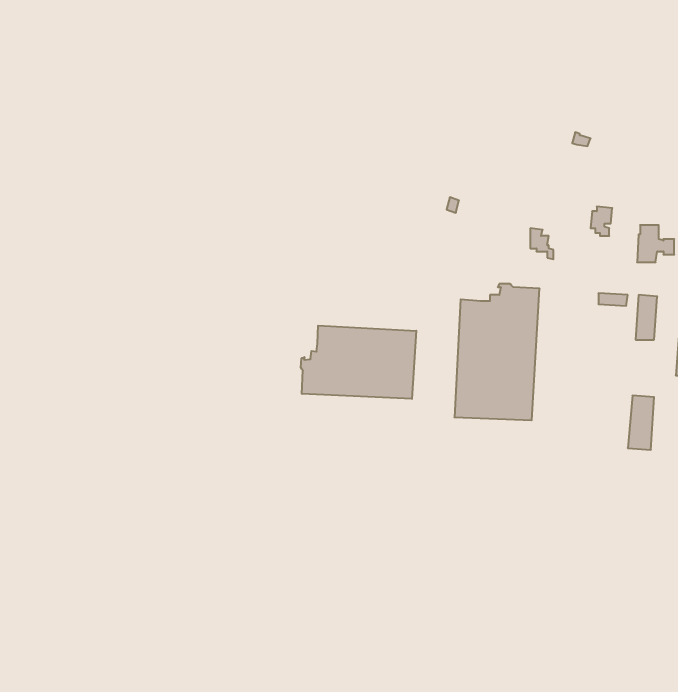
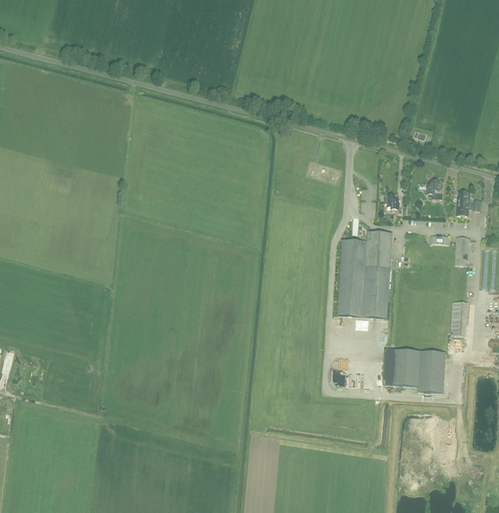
building: [301,326,416,399] -> none
building: none -> [382,344,445,393]

